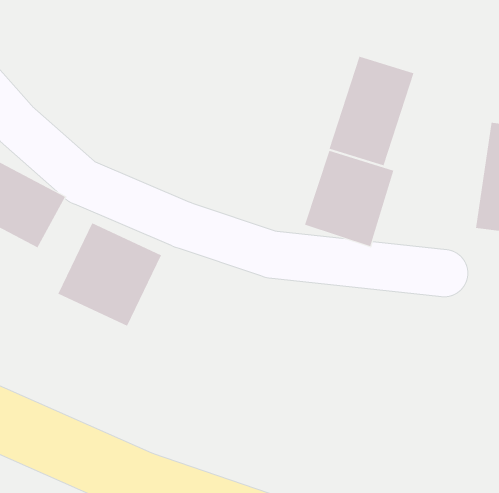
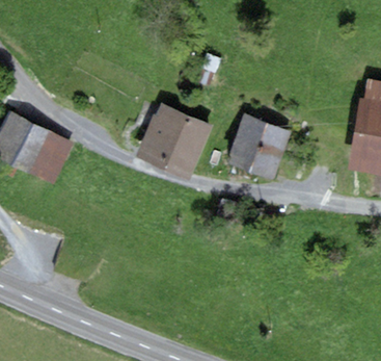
building: [329,56,414,166] -> none
building: [58,222,162,327] -> [141,103,211,173]

